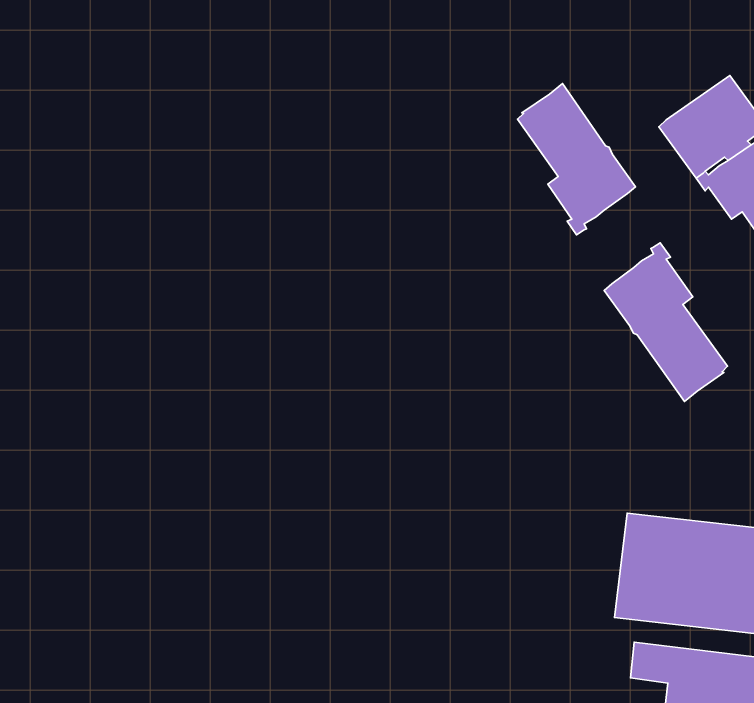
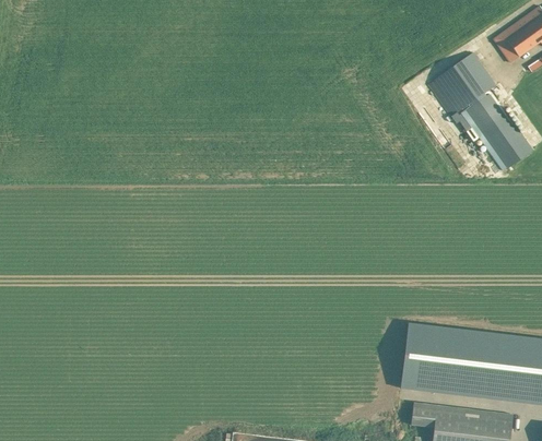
building: [518,84,635,235] -> none
building: [604,243,727,402] -> none

